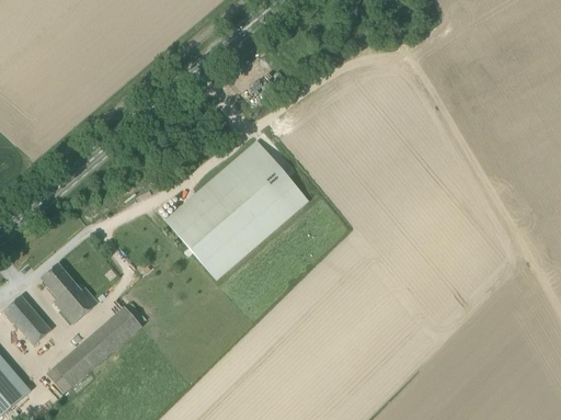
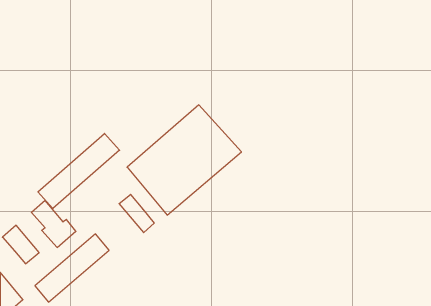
building: none -> [38,133,120,209]
building: none -> [119,194,154,233]

